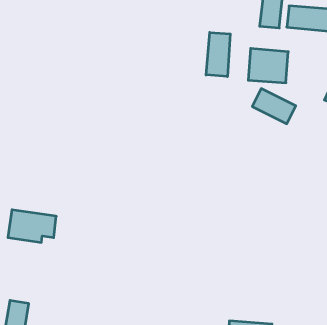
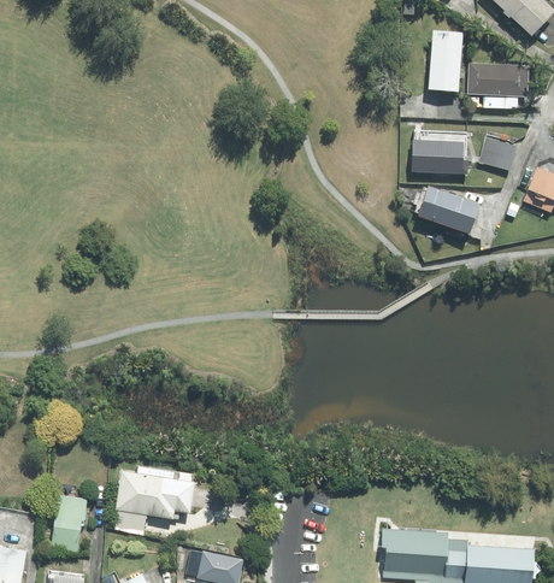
building: [206,32,230,77] -> none
building: none -> [478,136,517,172]
building: [8,210,56,242] -> [123,472,194,520]

